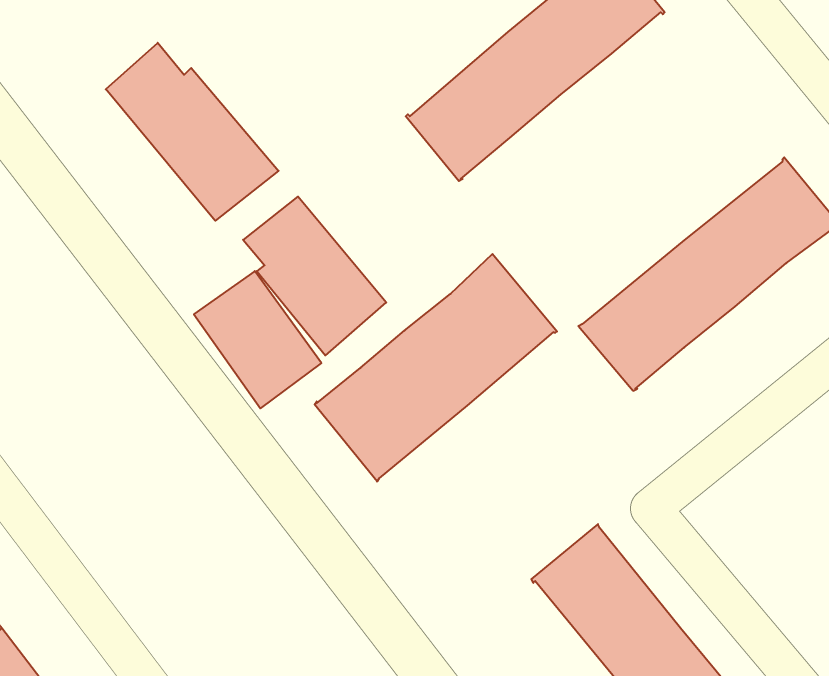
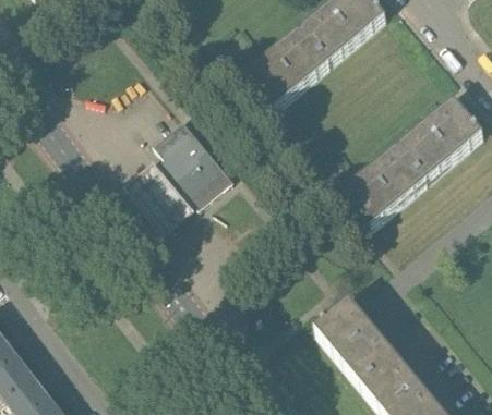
building: [106,43,279,221] -> none
building: [315,254,557,482] -> none

